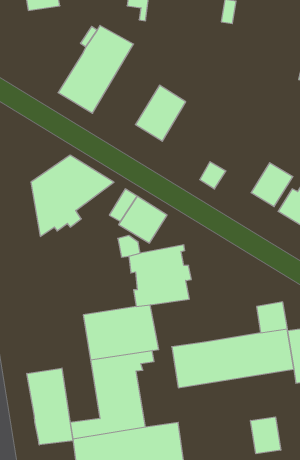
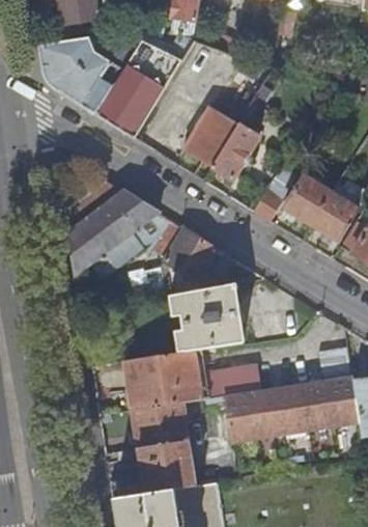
building: none -> [39,37,124,114]
building: none -> [213,124,259,182]
building: none -> [285,174,332,225]
building: none -> [203,364,259,399]
building: [27,368,73,445] -> none
building: [251,417,281,454] -> none

